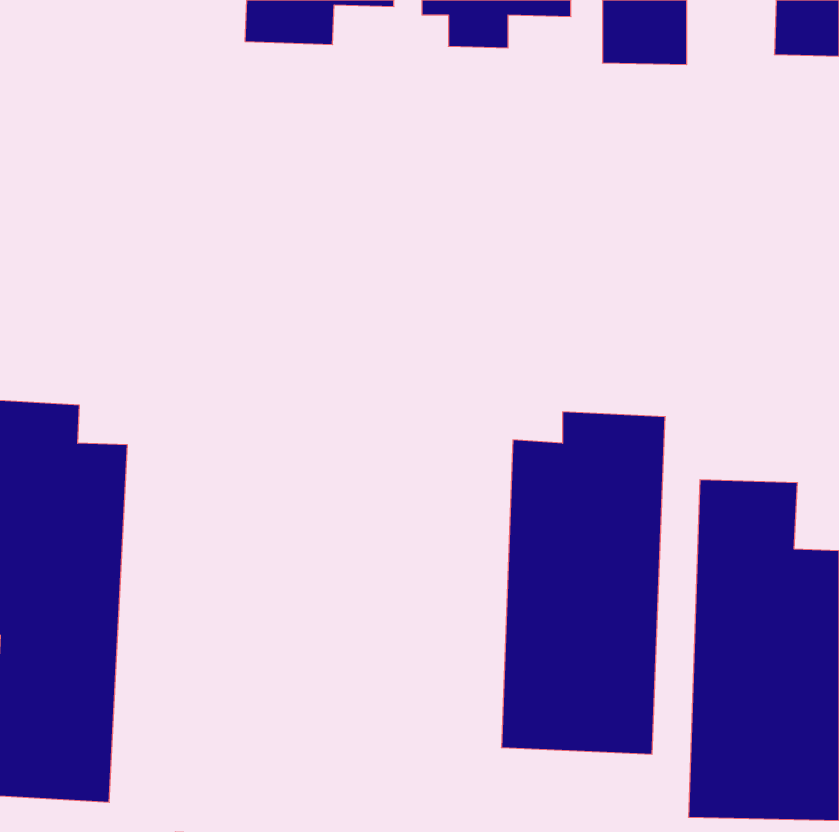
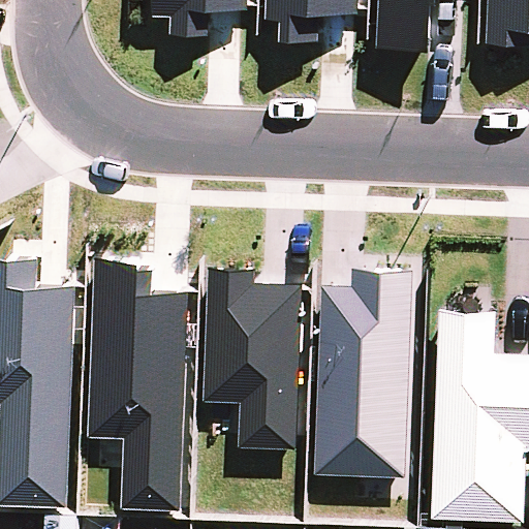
building: none -> [88,256,190,510]
building: none -> [203,268,305,449]

